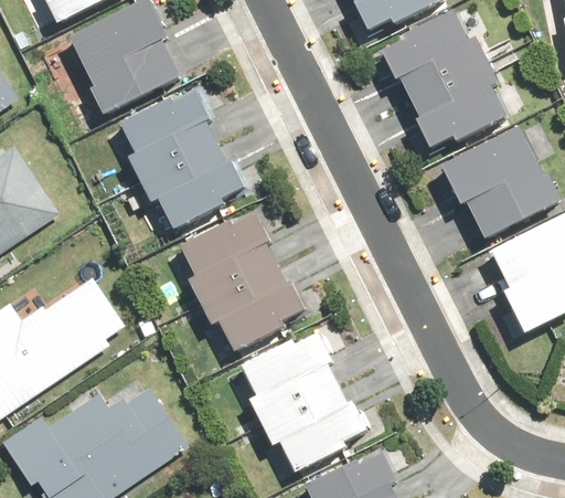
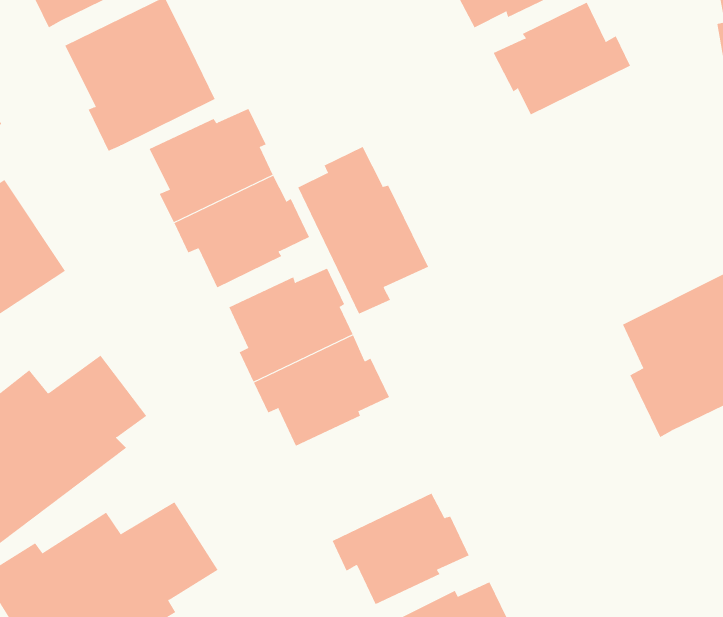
building: [413,59,508,147] -> none
building: none -> [298,146,429,315]
building: [429,133,552,242] -> none
building: [244,331,338,420] -> none

